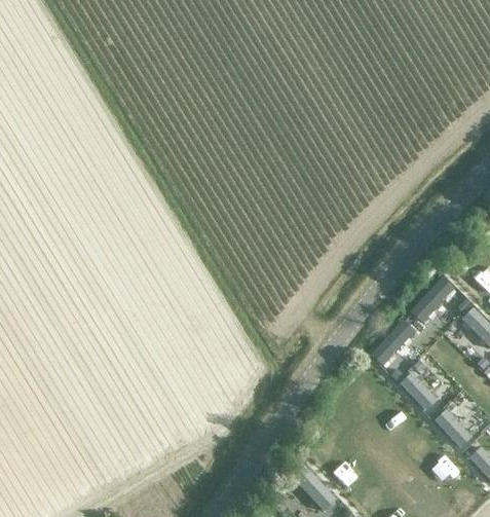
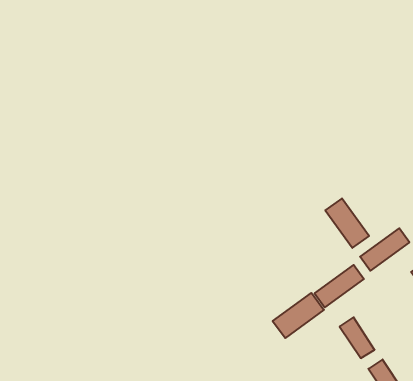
building: none -> [325,198,369,248]
building: none -> [273,293,324,338]

